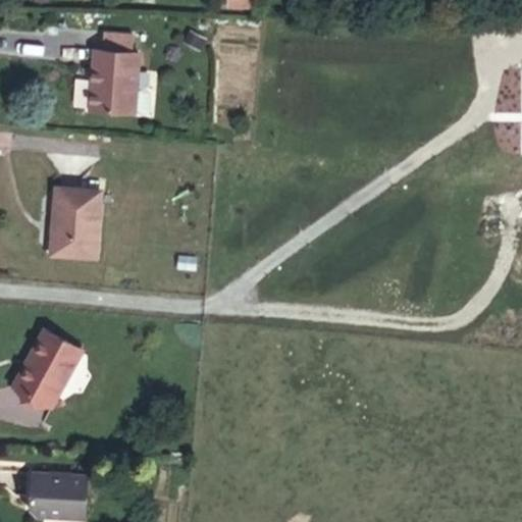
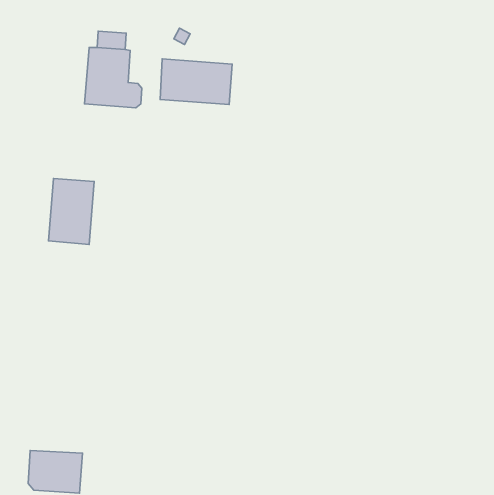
building: none -> [160,59,232,105]
building: [13,330,81,406] -> none

